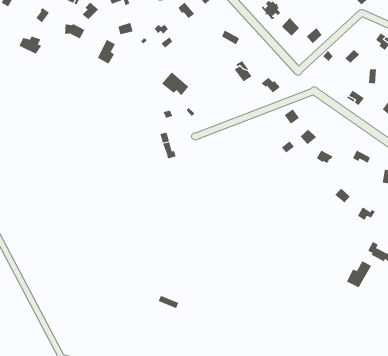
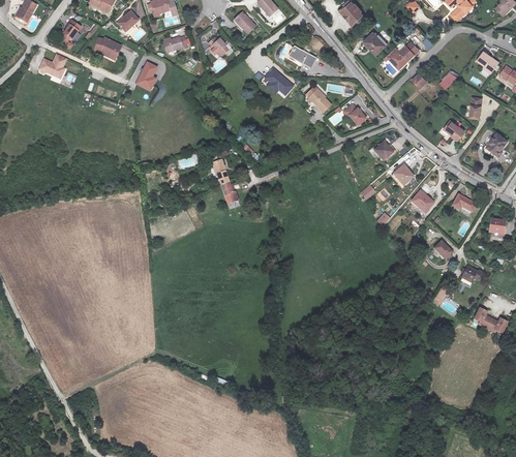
building: [161,72,189,96] -> [264,64,298,94]
building: [346,260,372,288] -> none

